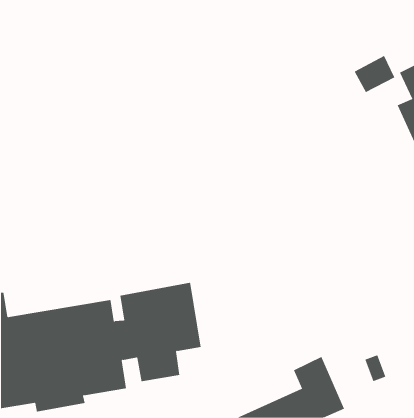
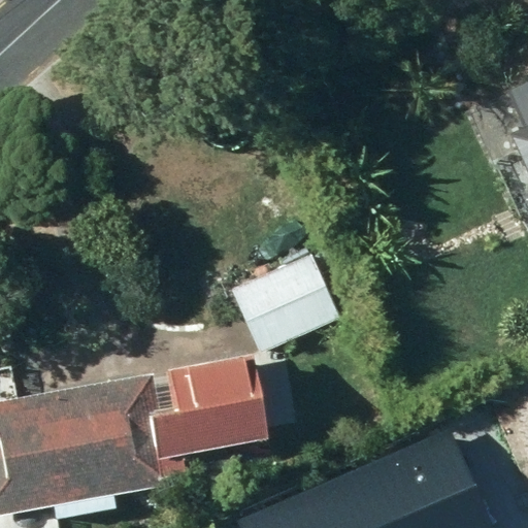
building: none -> [232,252,339,352]

